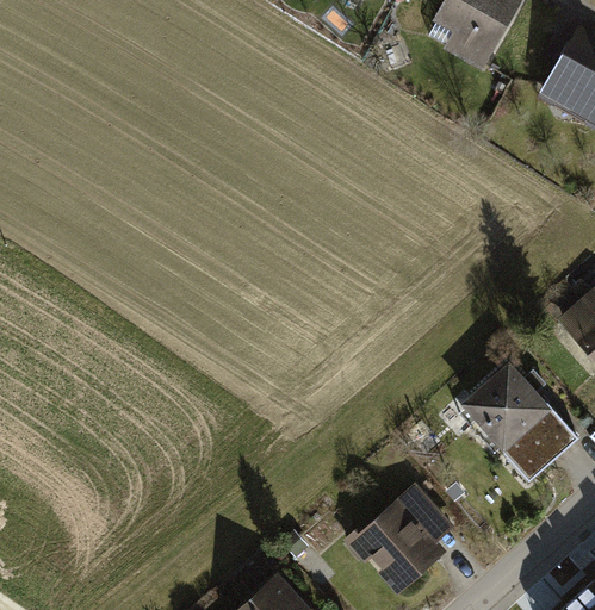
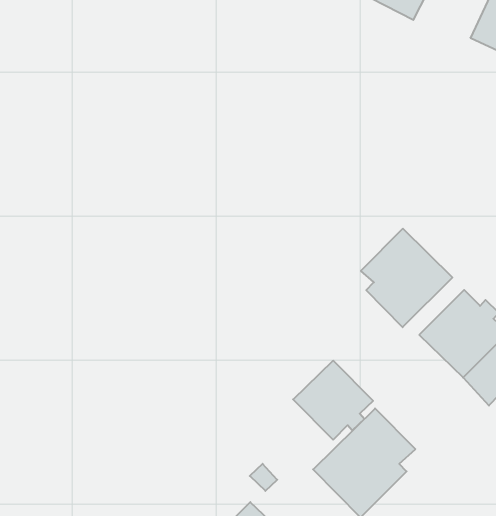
building: none -> [361,229,452,327]
building: none -> [293,361,373,440]

